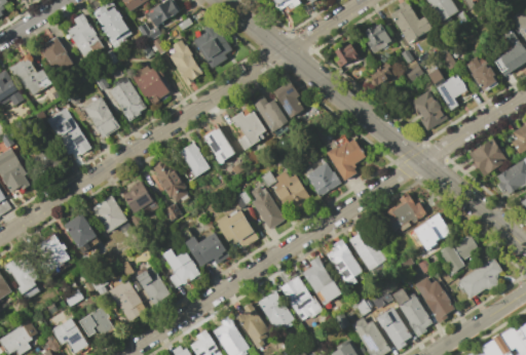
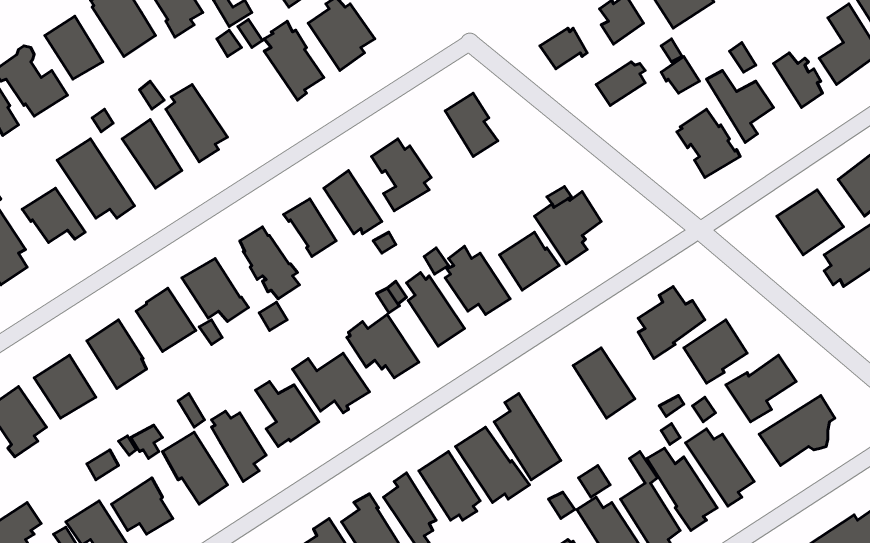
building: [132,65,170,102] -> none
building: [253,95,288,132] -> none
building: [326,239,362,282] -> none

